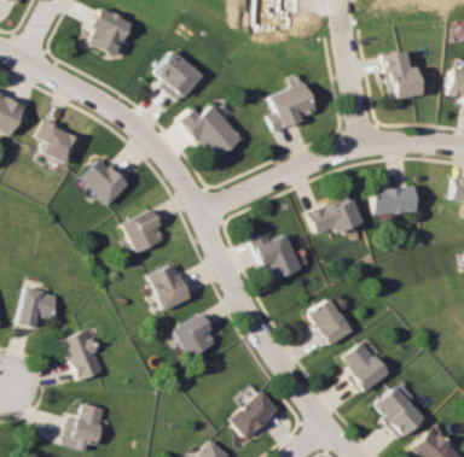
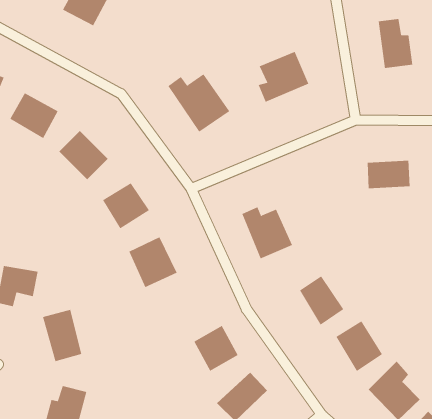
building: [150,51,201,100] -> none
building: [311,197,362,235] -> none
building: [175,314,219,358] -> [193,325,239,372]

